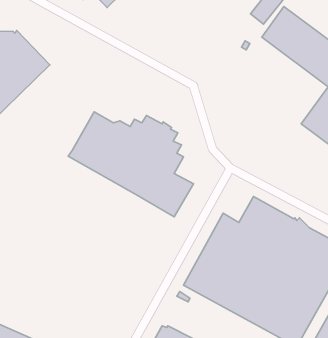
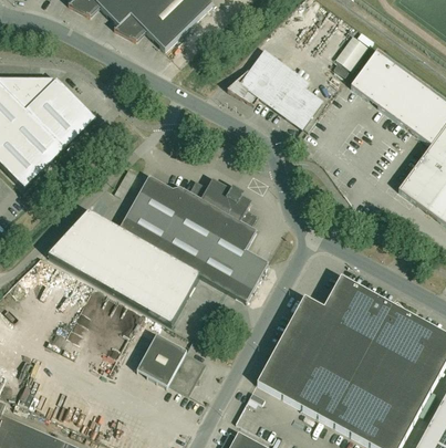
building: none -> [227,54,322,126]
building: none -> [48,209,200,324]
building: none -> [136,333,205,393]

